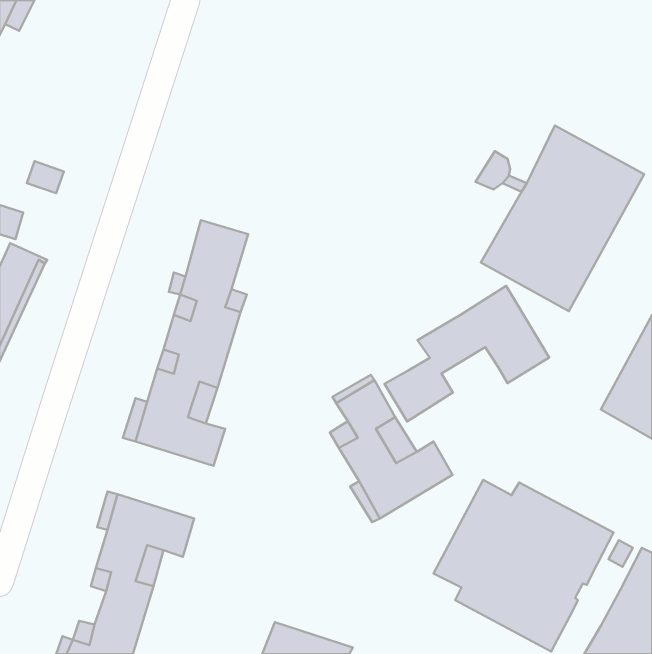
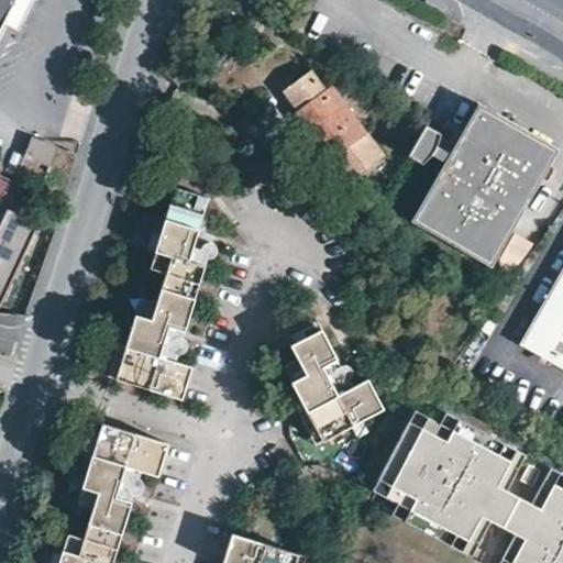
building: none -> [282,68,385,180]
building: [385,286,549,422] -> none
building: none -> [493,494,533,538]

